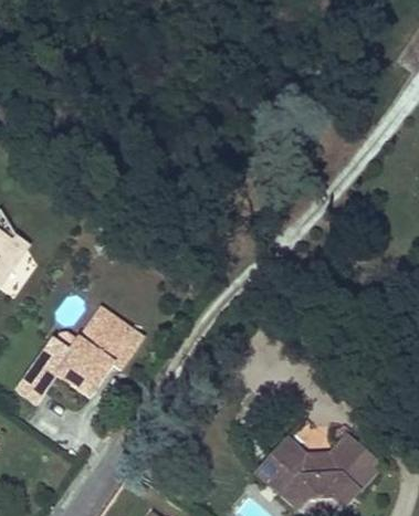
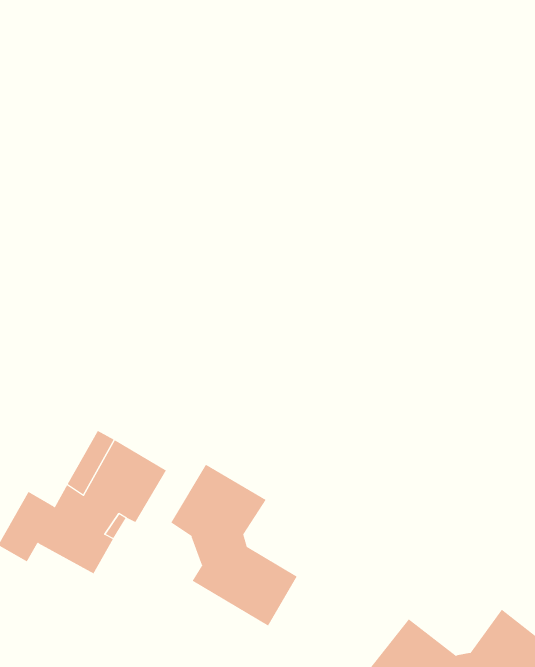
building: none -> [171,464,297,626]

